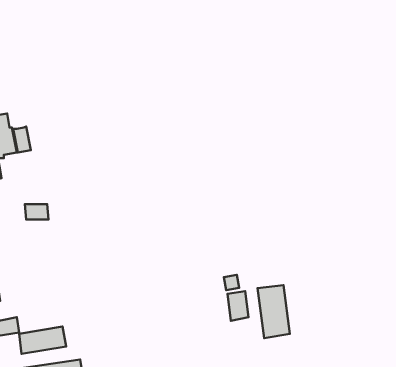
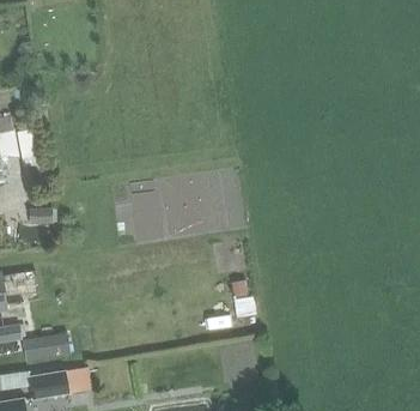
building: [257,285,290,338] -> none

